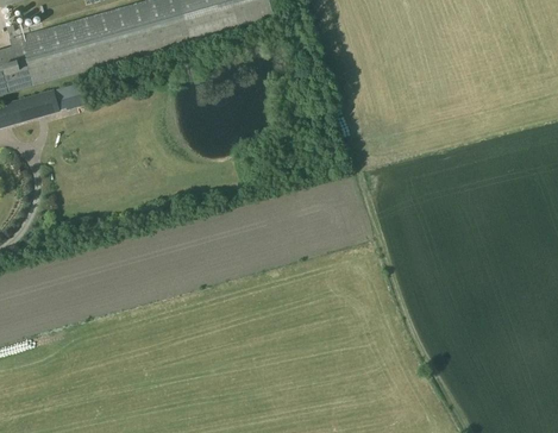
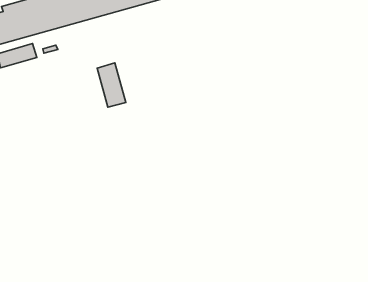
building: none -> [97,63,126,107]

